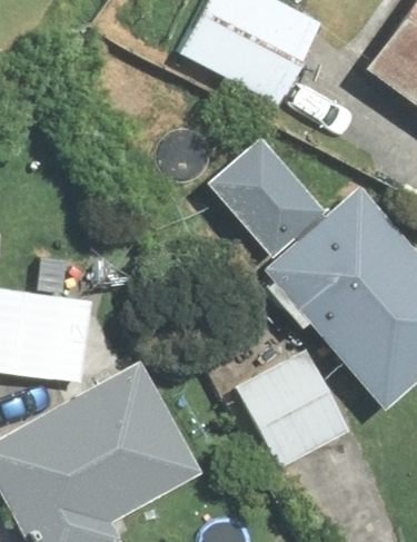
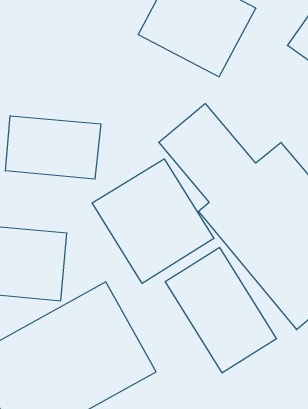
building: none -> [5,116,101,179]
building: none -> [92,159,214,283]

